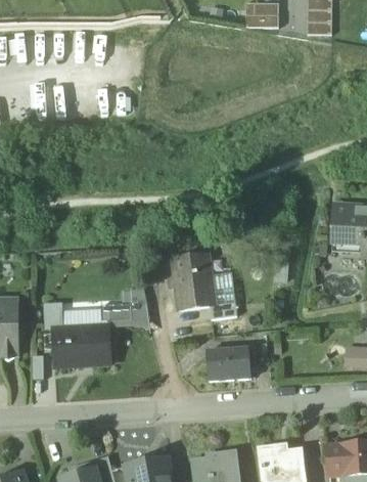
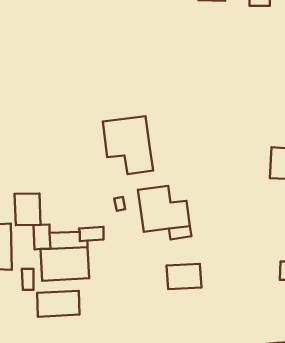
building: none -> [103,116,153,174]
building: none -> [15,194,41,225]
building: [110,289,152,327] -> none
building: none -> [37,291,80,317]

